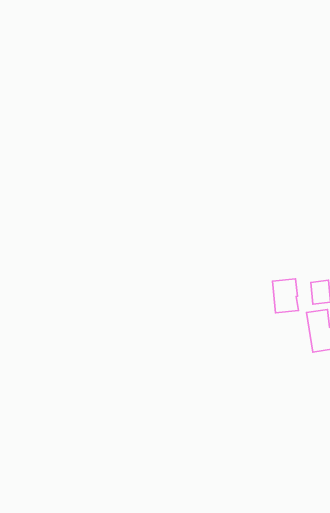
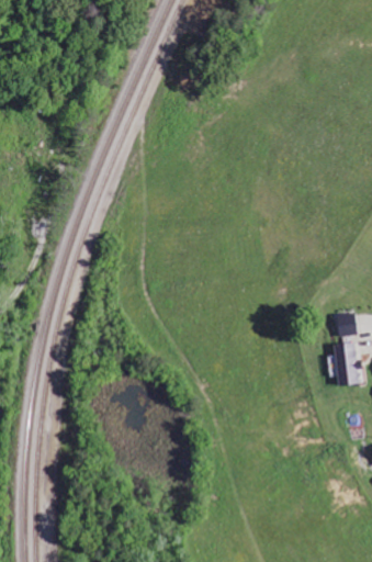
building: [272,279,298,313] -> none

